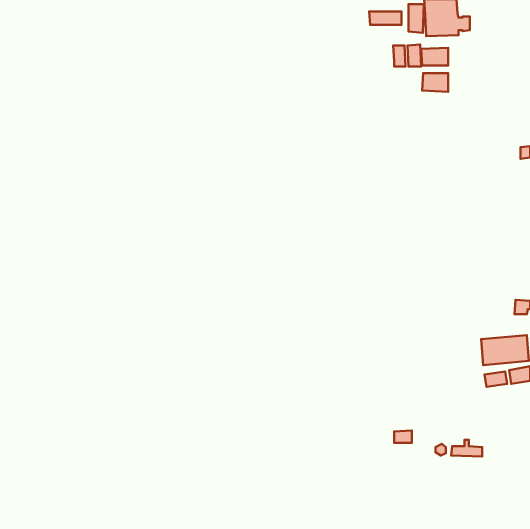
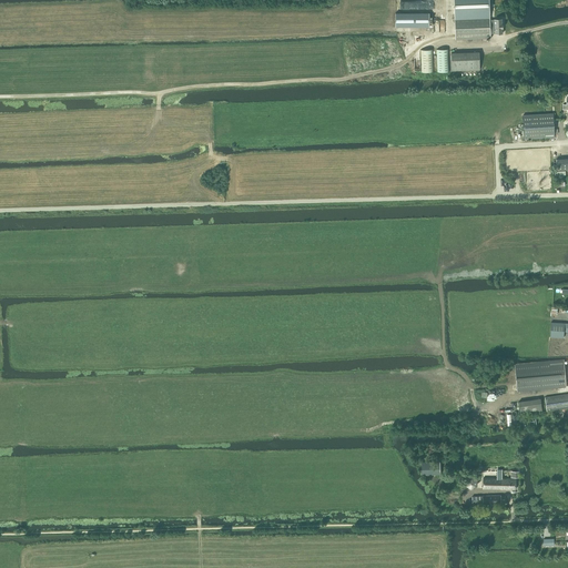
building: [408,4,424,33] -> none
building: [422,73,448,92] -> none
building: none -> [523,112,555,138]

